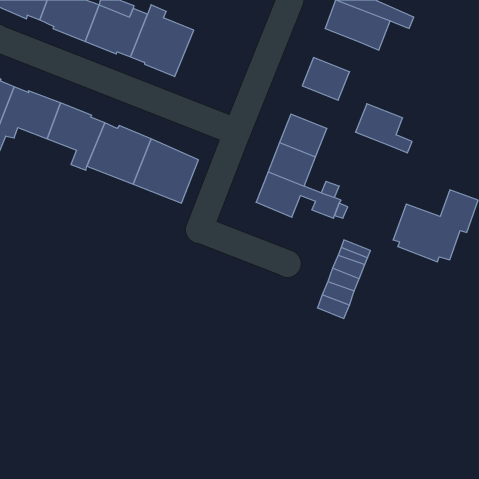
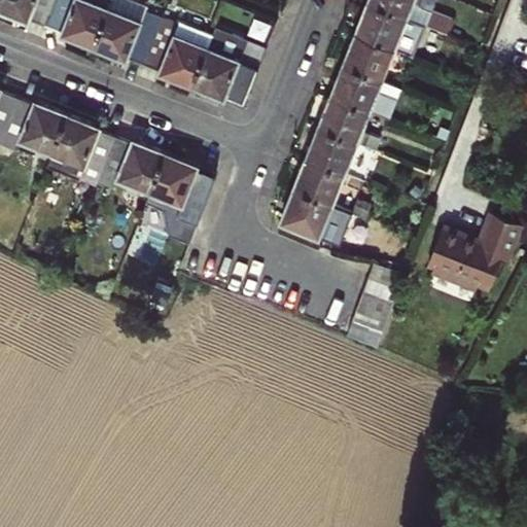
building: none -> [190,30,266,105]
building: none -> [342,35,393,82]
building: [355,104,412,153] -> [317,98,379,151]

